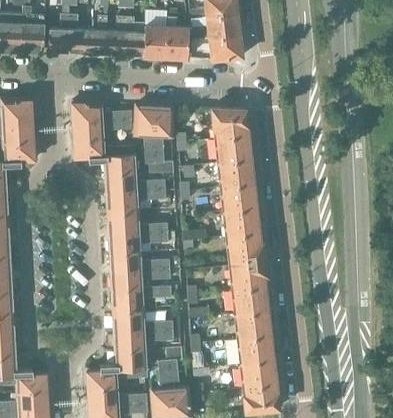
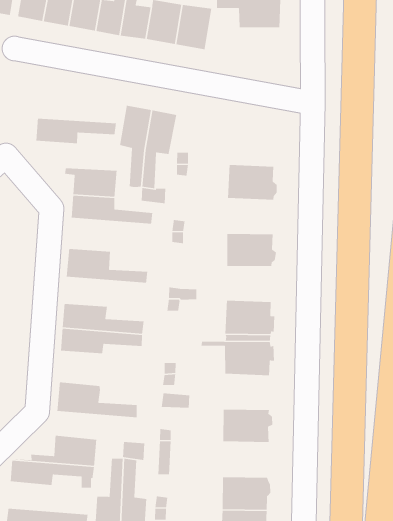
building: [191,35,242,60] -> none
building: [71,102,131,123] -> none
building: [211,108,249,138] -> none
building: [73,138,135,162] -> none
building: [217,160,255,188] -> none
building: [106,189,166,214] -> none
building: [223,208,260,236] -> none
building: [108,232,174,254] -> none
building: [111,286,177,311] -> none
building: [232,287,270,315] -> none
building: [114,329,180,350] -> none
building: [237,335,276,364] -> none
building: [87,385,147,407] -> none

